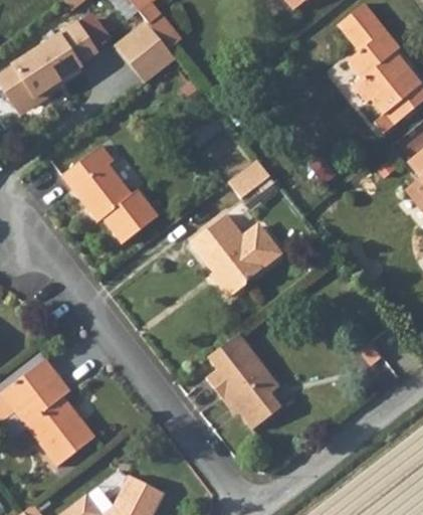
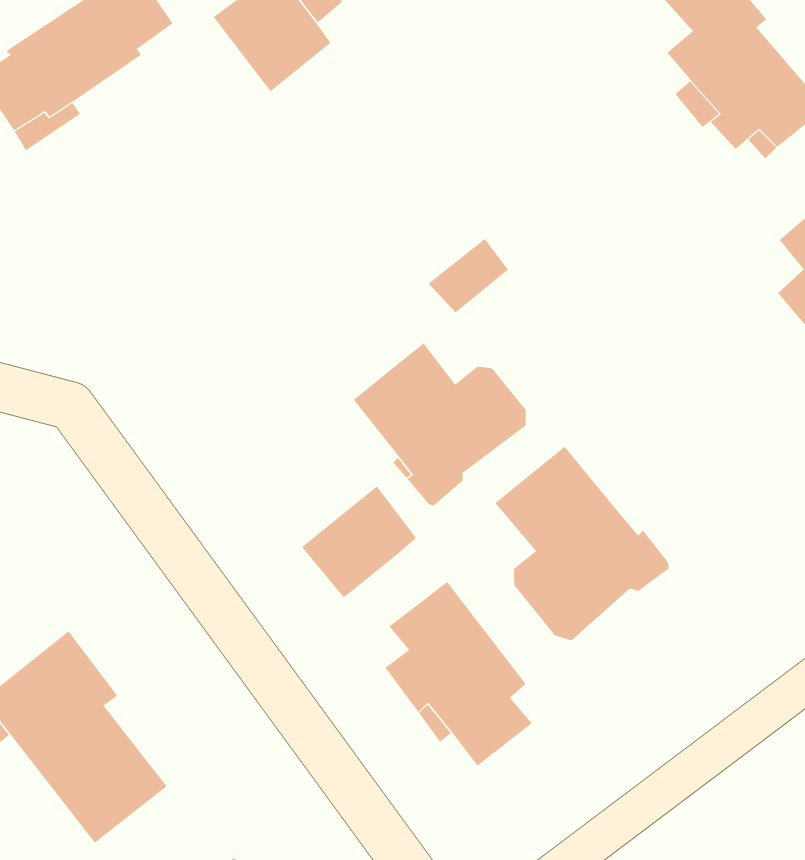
building: [60,146,157,245] -> none
building: none -> [495,446,669,641]
building: none -> [301,486,417,598]

